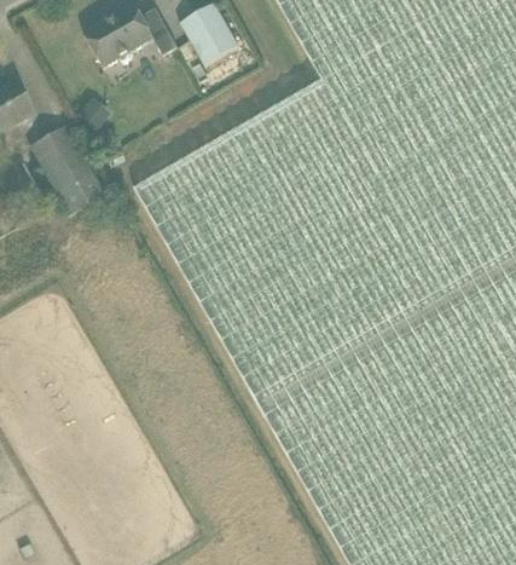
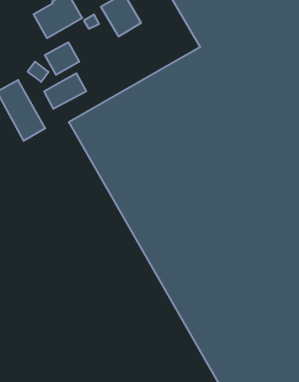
building: none -> [45,42,79,75]
building: none -> [44,73,86,109]

